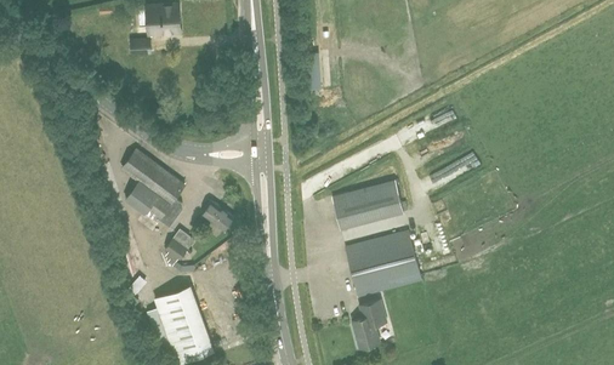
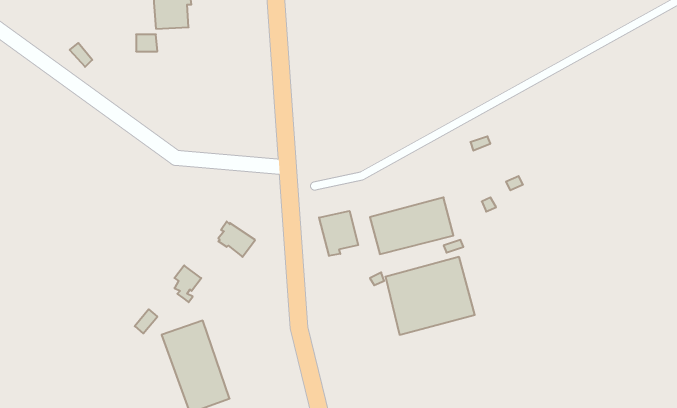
building: [123,149,186,227] -> none
building: none -> [319,211,358,256]
building: [352,301,387,348] -> none

